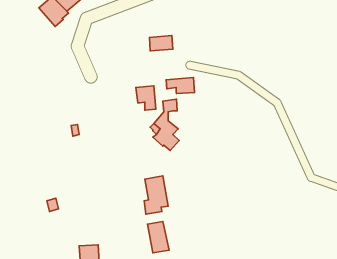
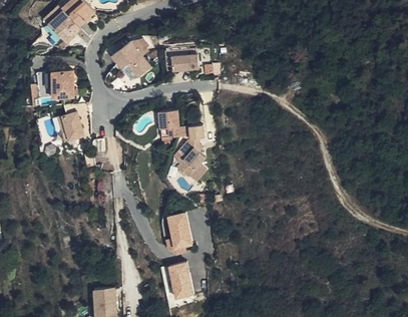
building: none -> [111,40,150,79]
building: none -> [37,71,73,99]
building: [166,78,194,94] -> none
building: none -> [58,107,84,135]

